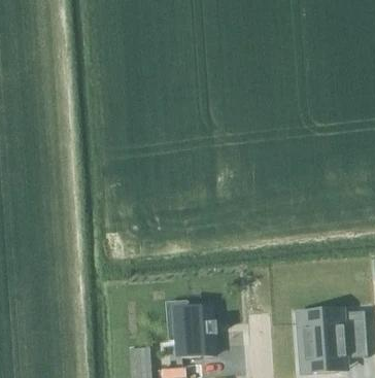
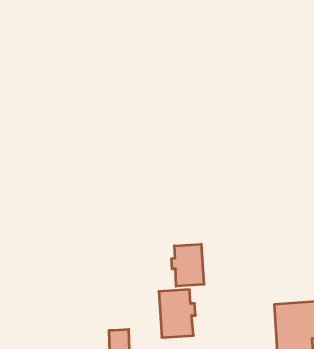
building: none -> [172,244,204,286]

